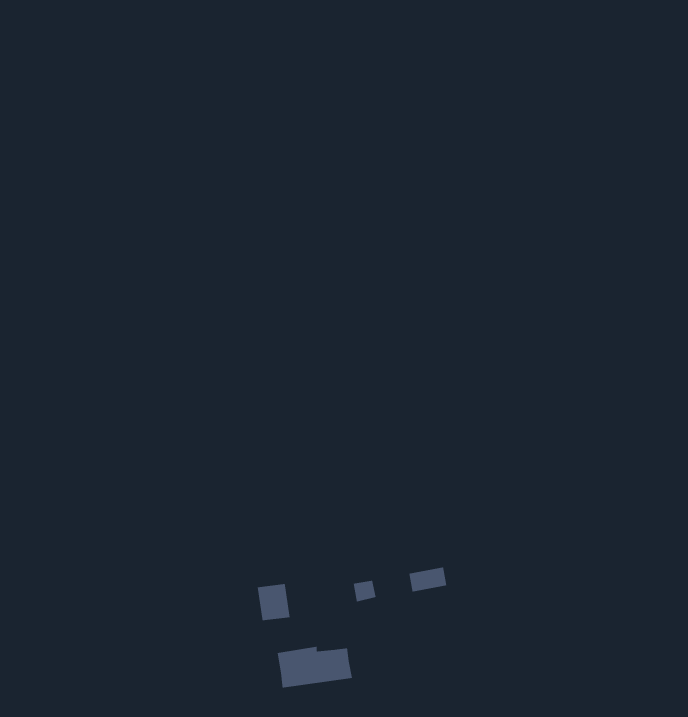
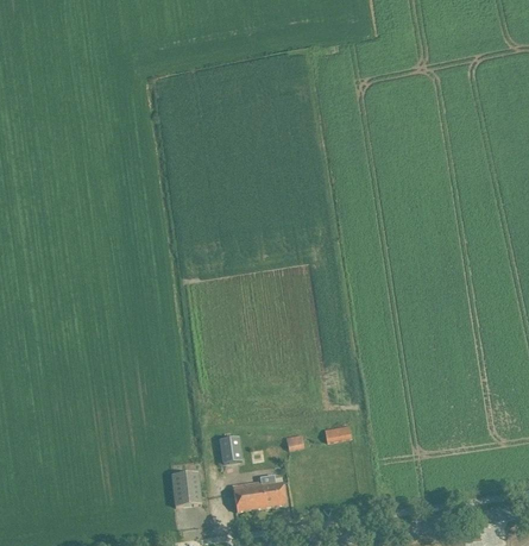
building: none -> [170,473,200,508]

